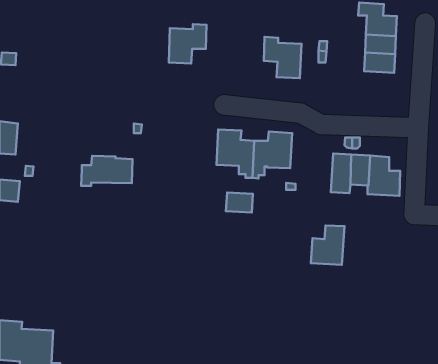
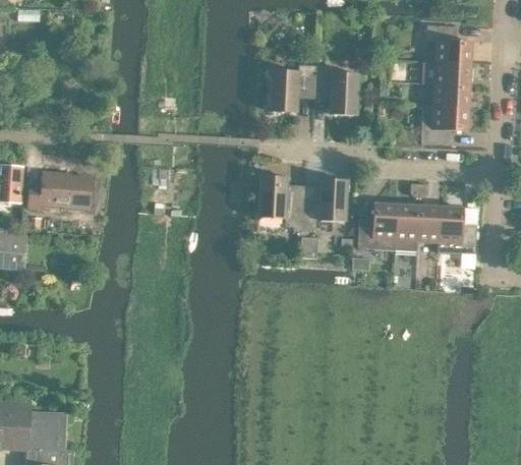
building: [169,24,207,64] -> [270,64,314,111]
building: none -> [420,105,468,143]
building: [81,156,133,186] -> [28,173,90,209]
building: [226,193,253,212] -> none
building: [311,225,344,265] -> [356,202,396,249]

